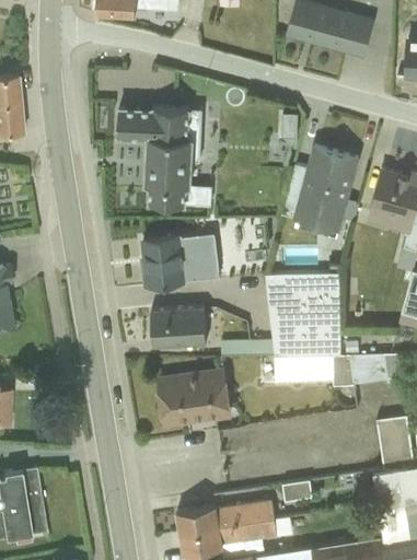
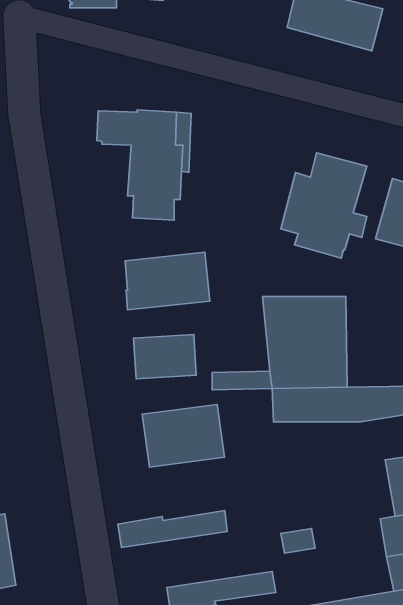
building: [177,500,275,533] -> [118,511,227,547]

